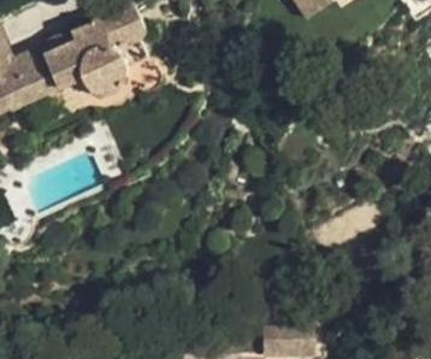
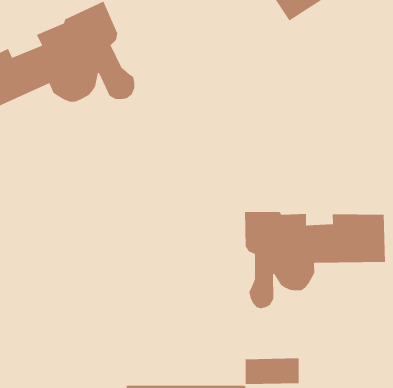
building: none -> [244,211,386,309]

